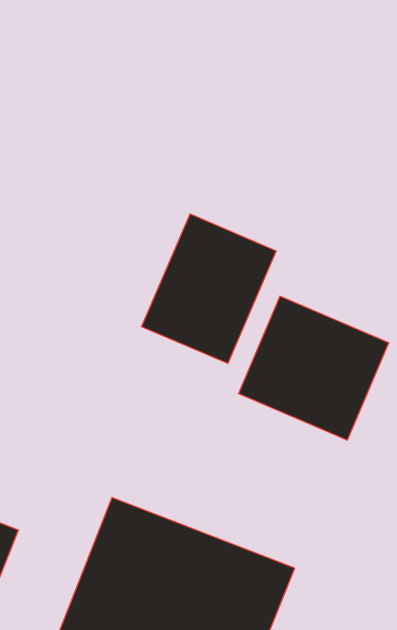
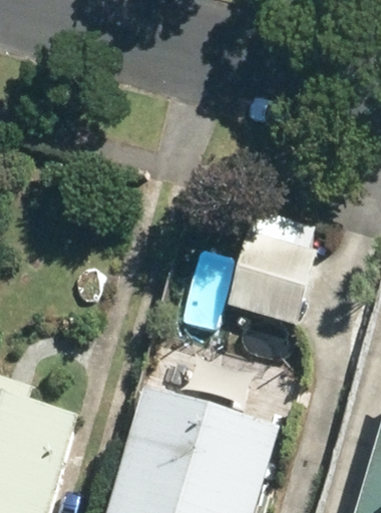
building: [142,214,276,364] -> none

